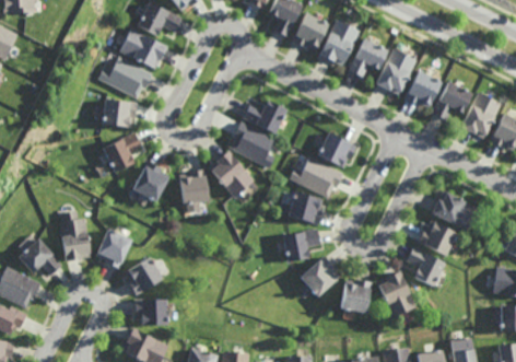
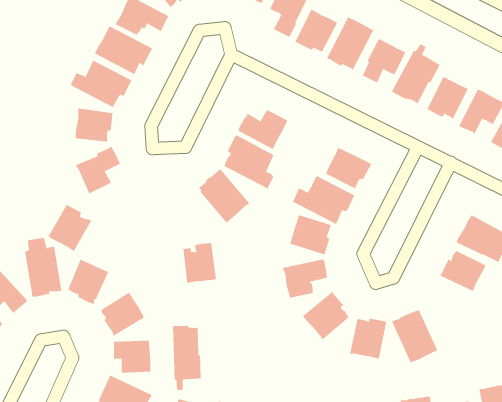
building: [132,161,171,202] -> [48,204,92,252]
building: [179,170,209,205] -> [183,243,217,283]
building: [406,247,445,289] -> none
building: none -> [172,325,201,391]

